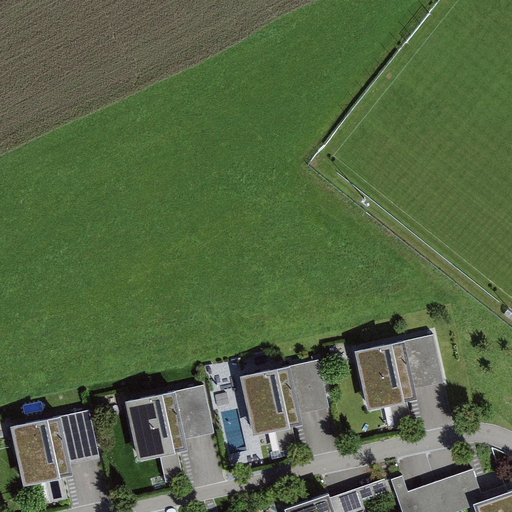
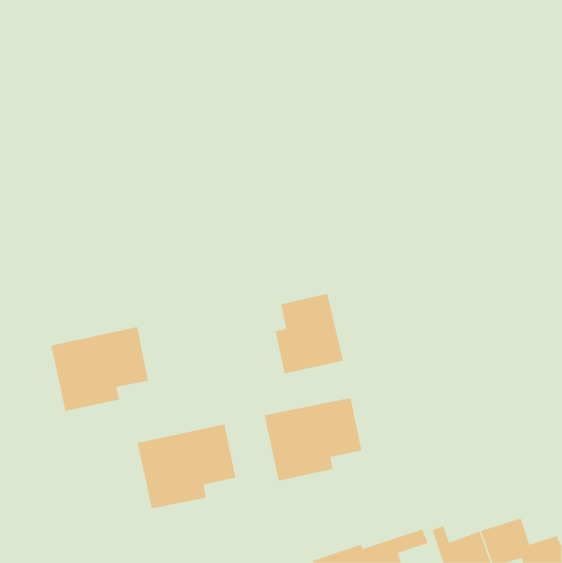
building: none -> [275,293,343,374]
building: [354,335,443,411] -> none
building: [10,410,99,487] -> [51,327,149,412]

